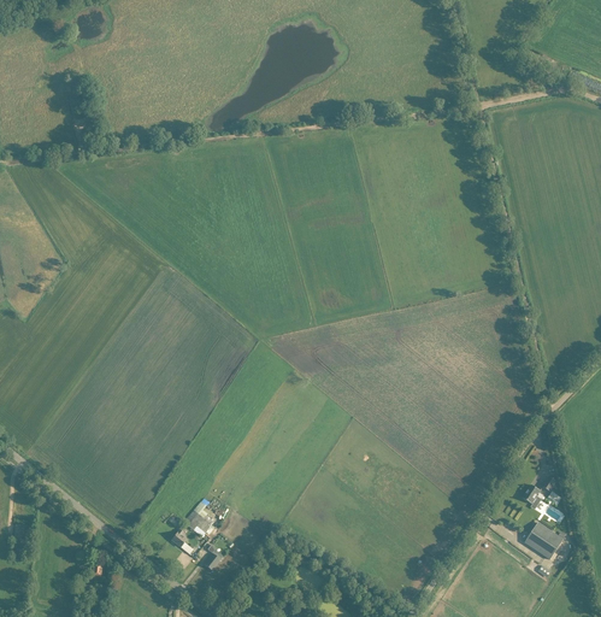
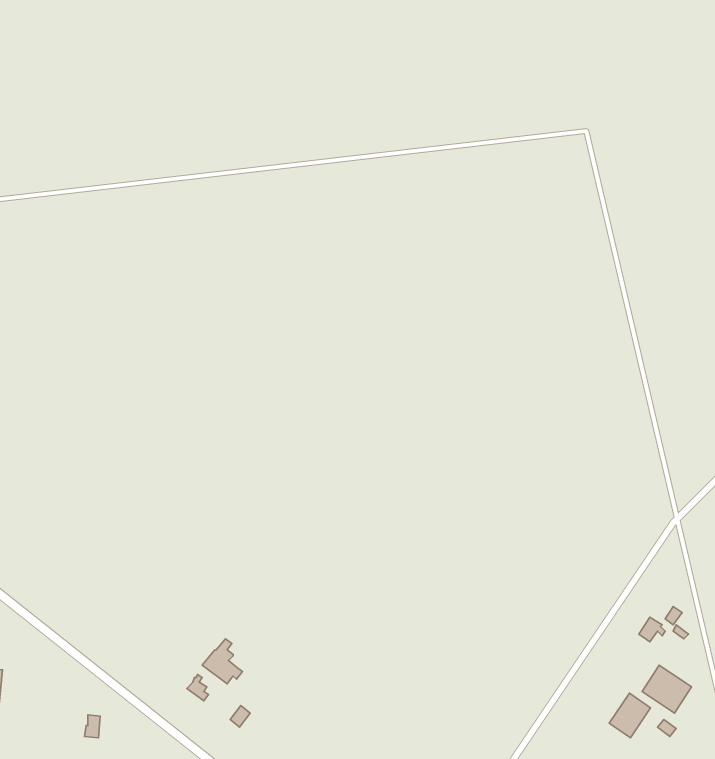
building: none -> [609,693,651,738]

